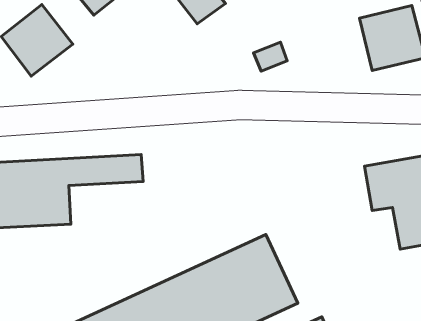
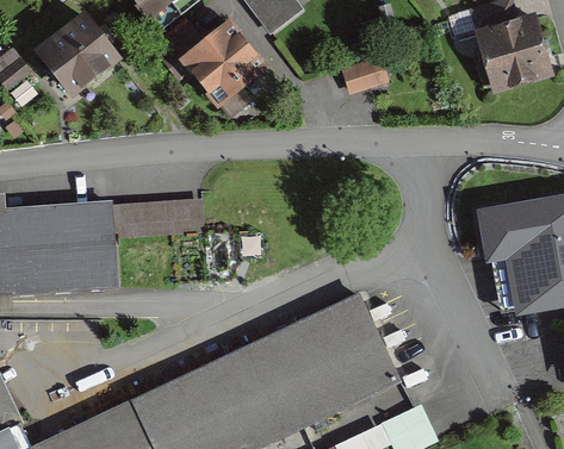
building: none -> [174,23,265,113]

